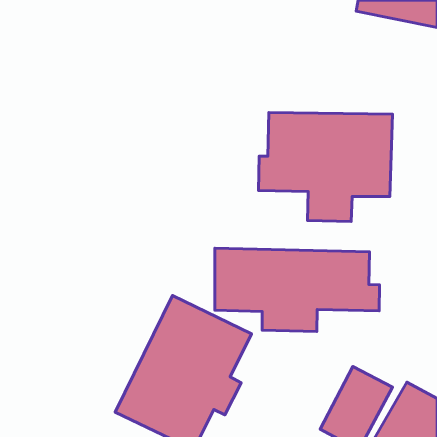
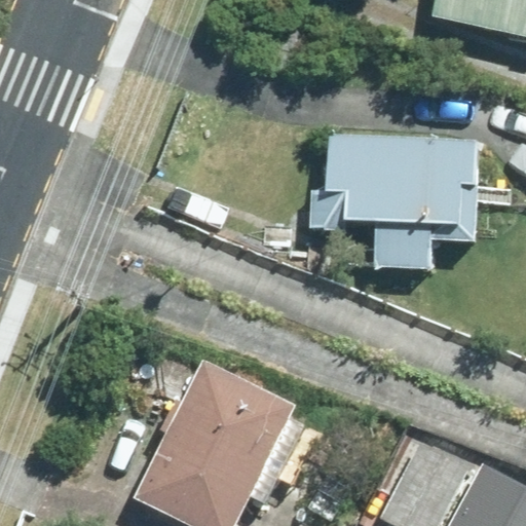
building: [215,248,380,331] -> none

